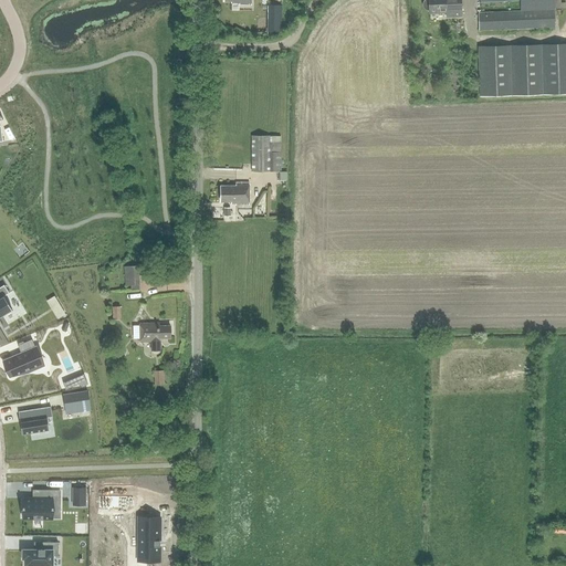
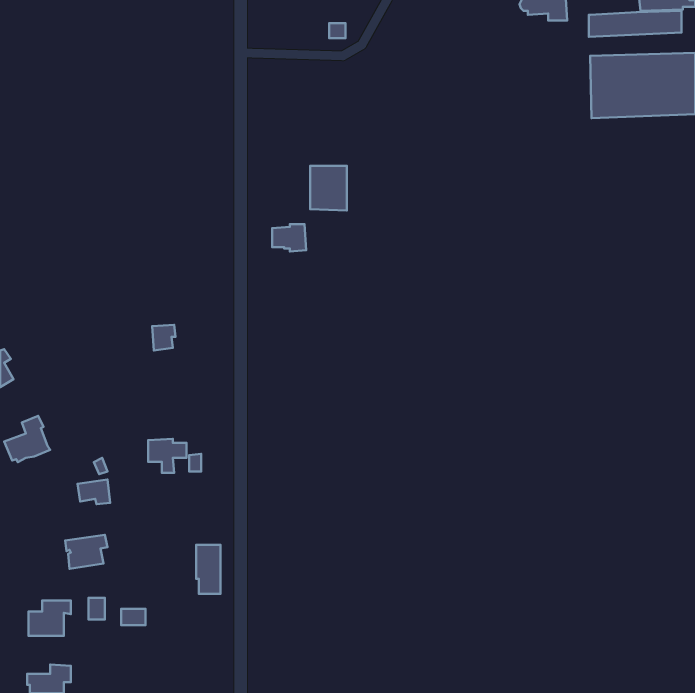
building: [139,322,170,349] -> [148,439,186,473]
building: [18,406,52,433] -> [65,535,107,569]
building: [138,518,158,558] -> [196,545,221,594]

